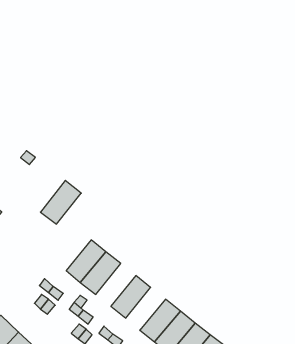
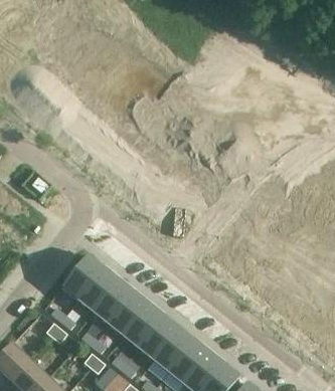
building: [40,180,81,224] -> [63,255,105,300]
building: none -> [110,292,150,336]
building: none -> [140,317,180,360]

